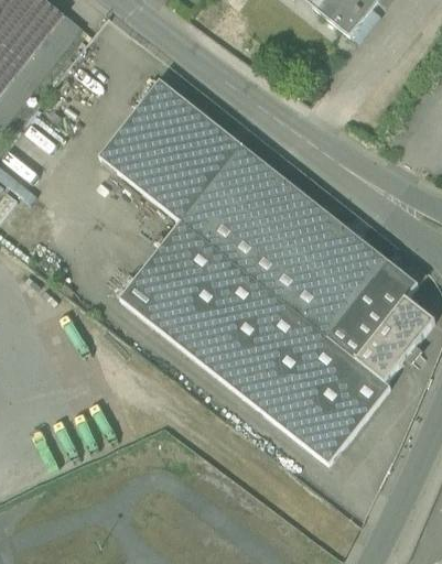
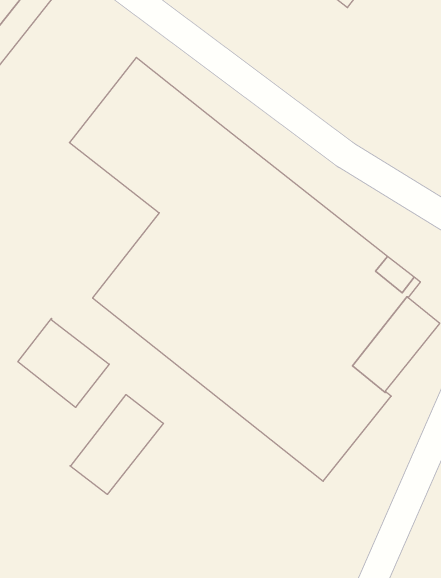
building: none -> [18,318,109,407]
building: none -> [70,395,163,494]

